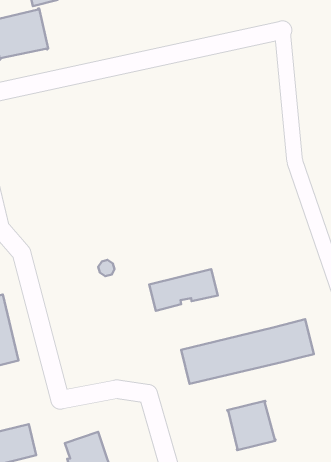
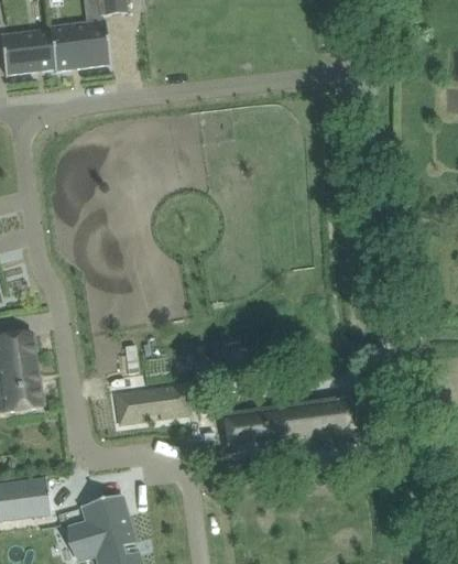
building: [149,269,218,311] -> [113,384,188,424]
building: [227,401,276,450] -> none

